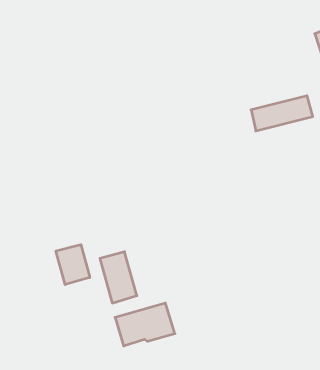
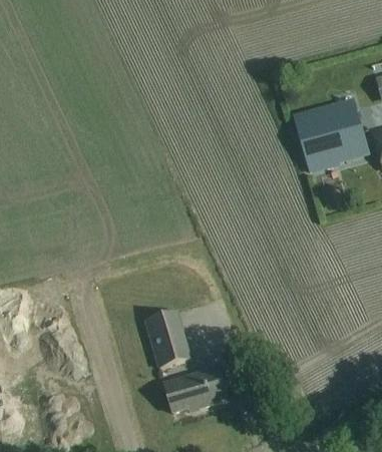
building: none -> [297,105,368,158]
building: [56,245,90,285] -> none

